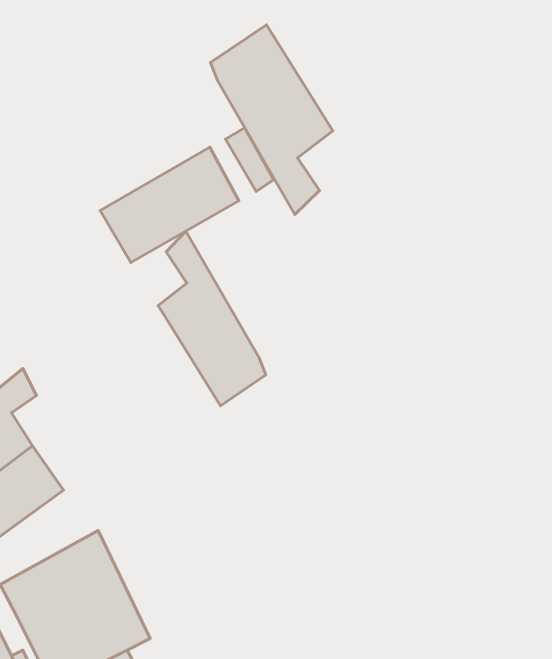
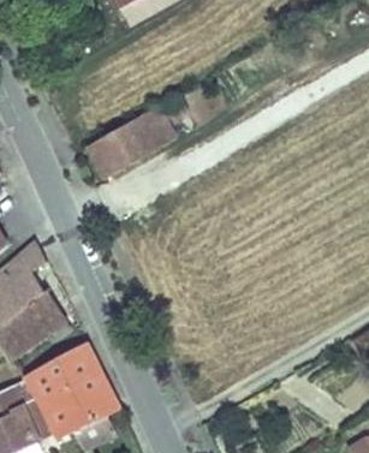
building: [211,25,333,215] -> none
building: [158,231,266,406] -> none

